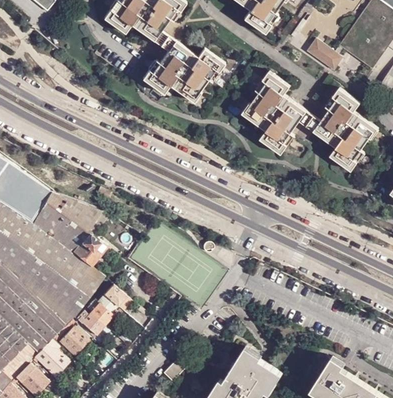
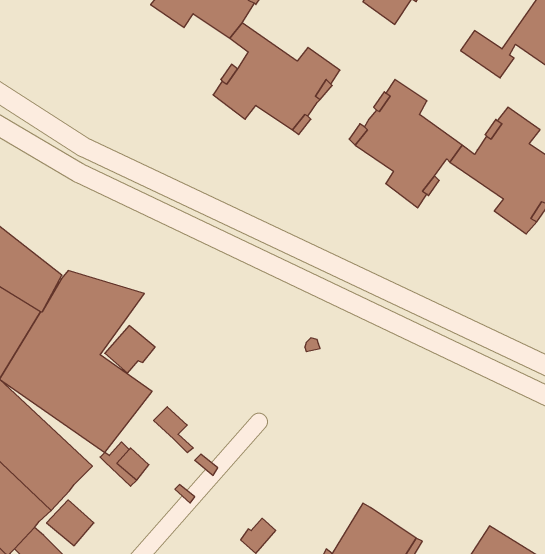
building: [91,294,128,325] -> none
building: [54,322,87,354] -> none

